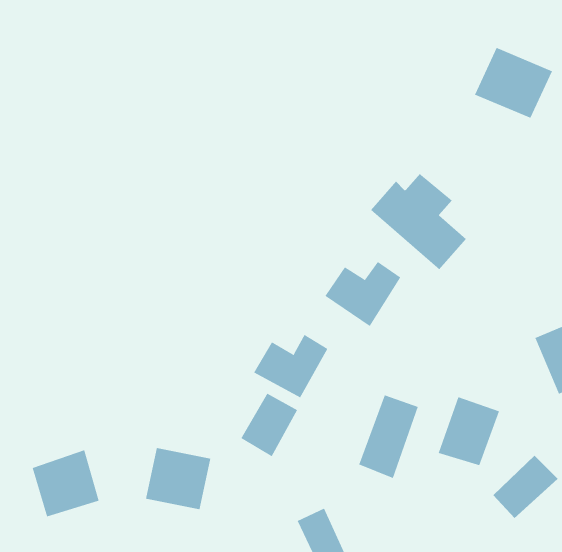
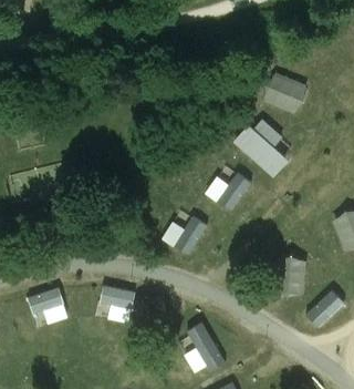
building: [474,47,553,119] -> [260,71,308,114]
building: [241,393,298,457] -> none
building: [358,395,418,479] -> none

